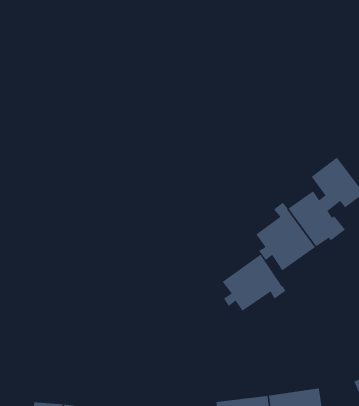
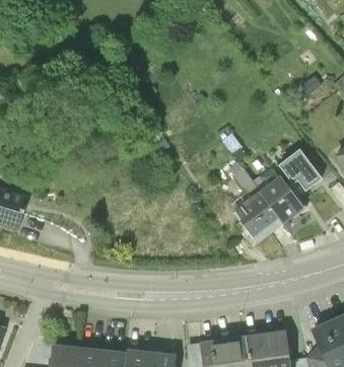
building: [222,254,286,312] -> none

